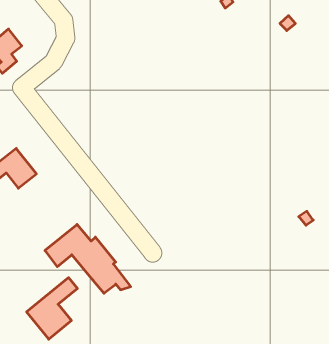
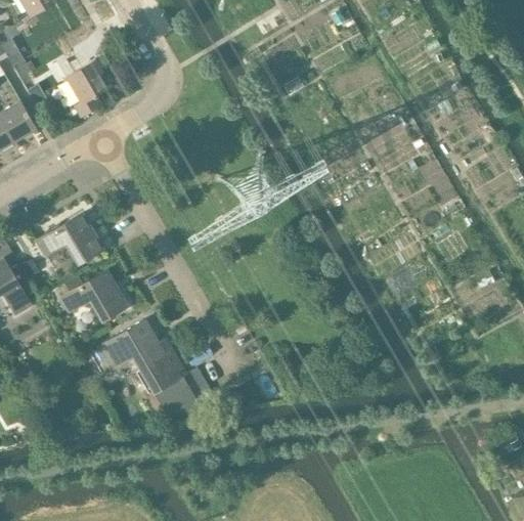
building: none -> [59,270,126,320]
building: [27,278,77,339] -> none

